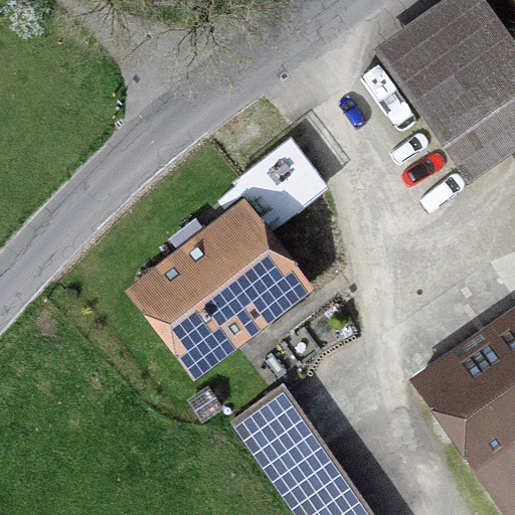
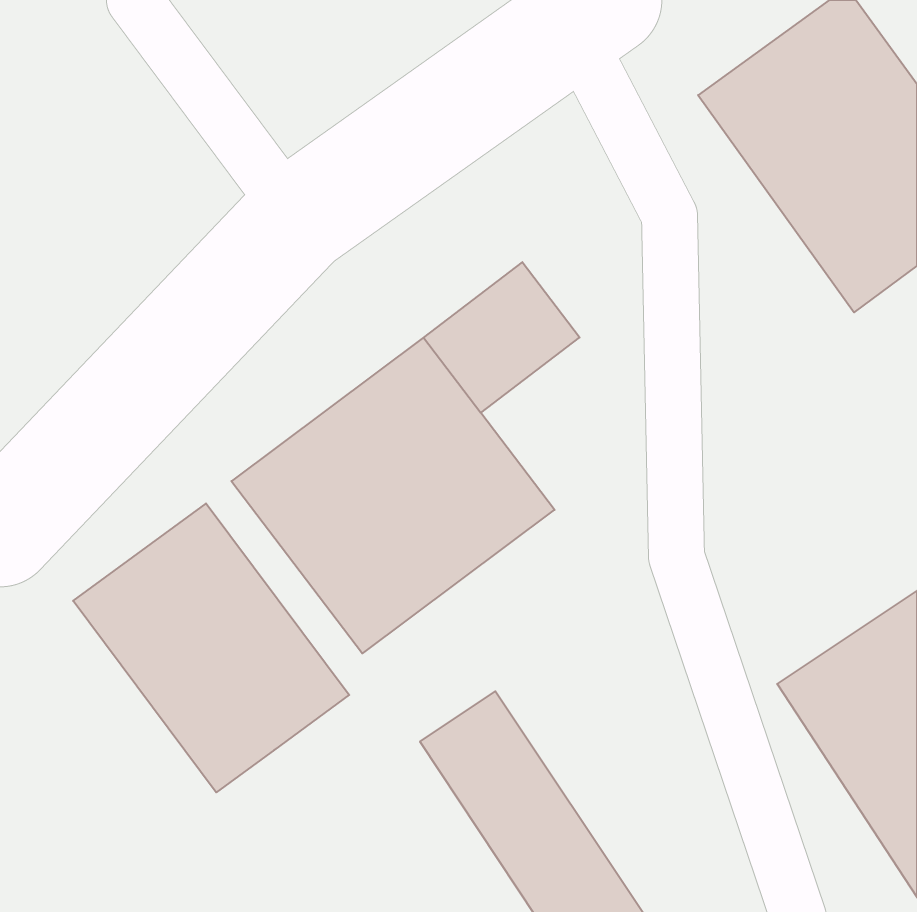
building: none -> [73,503,349,792]

